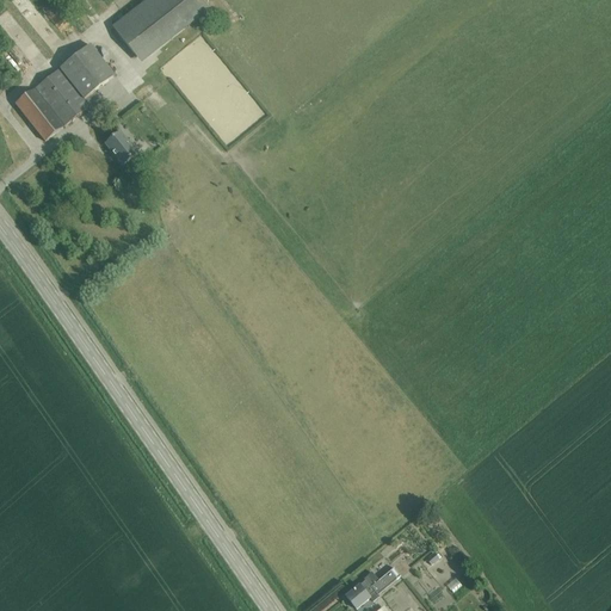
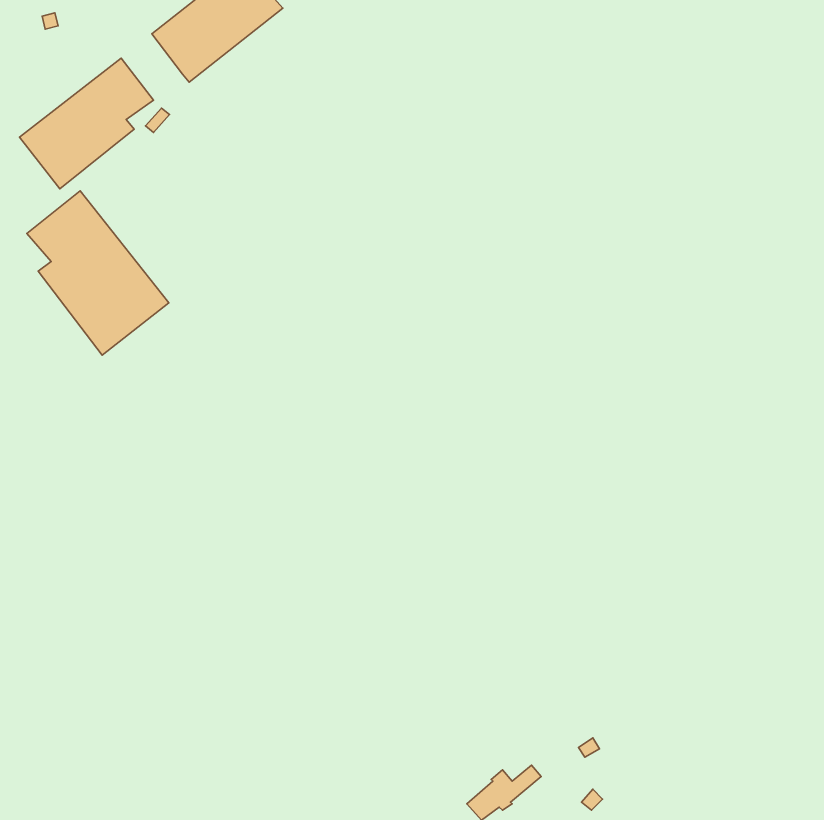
building: [104,129,137,163] -> none
building: none -> [27,191,169,355]

